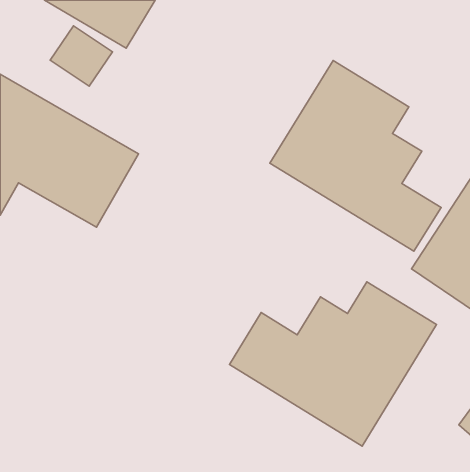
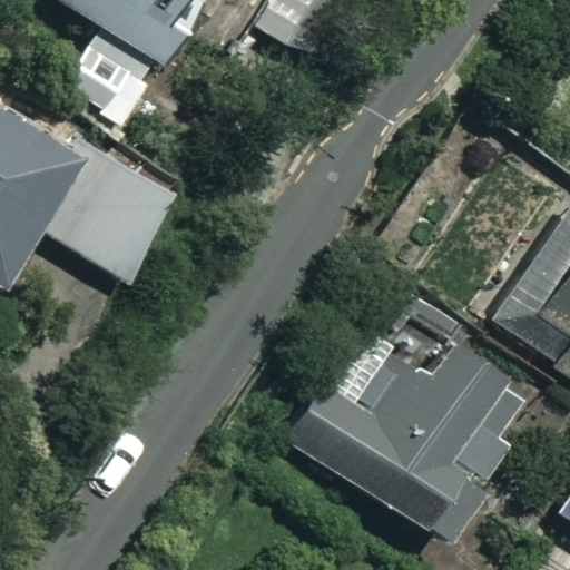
building: [270,60,441,251] -> none

